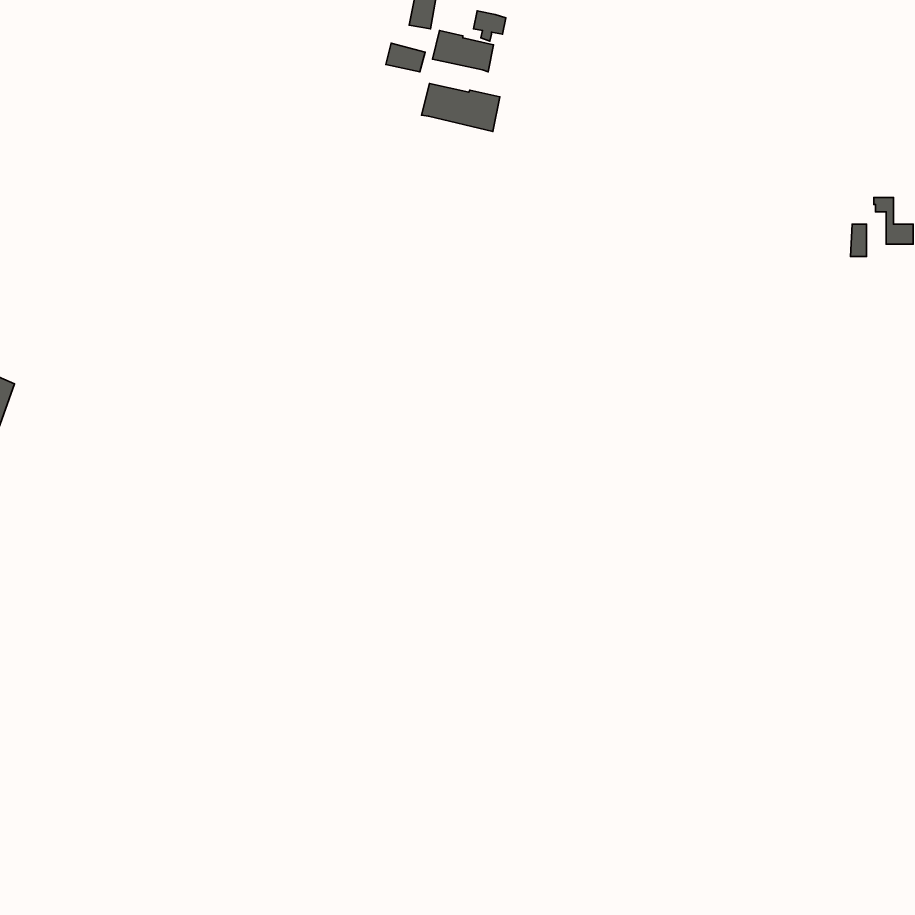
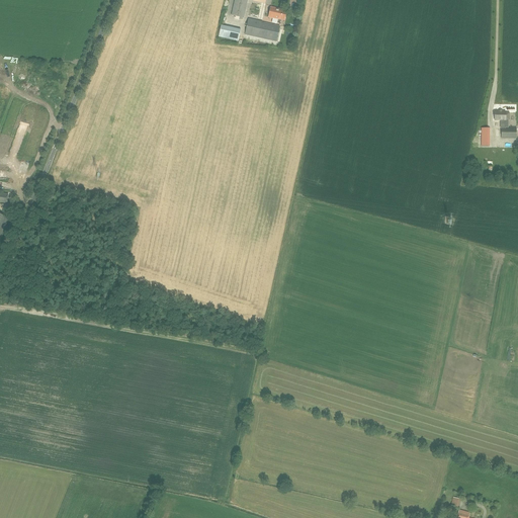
building: [421,83,500,131] -> none

